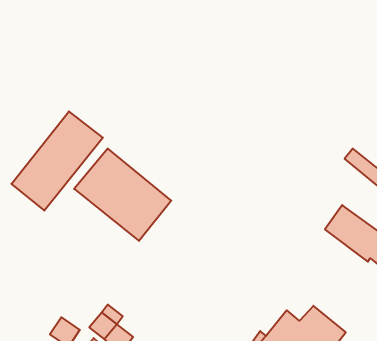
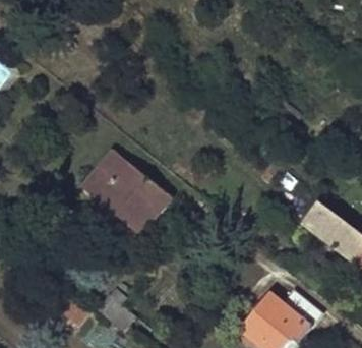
building: [11,111,103,211] -> none

